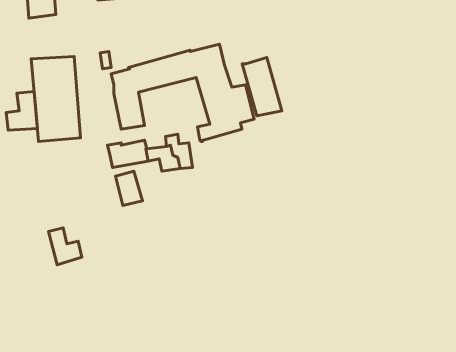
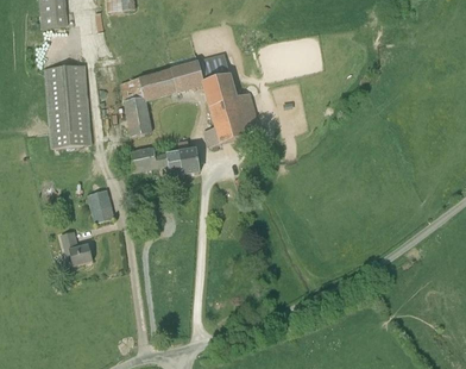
building: [242,57,282,116] -> none
building: [6,92,37,130] -> none
building: [115,171,143,206] -> [88,189,114,223]

